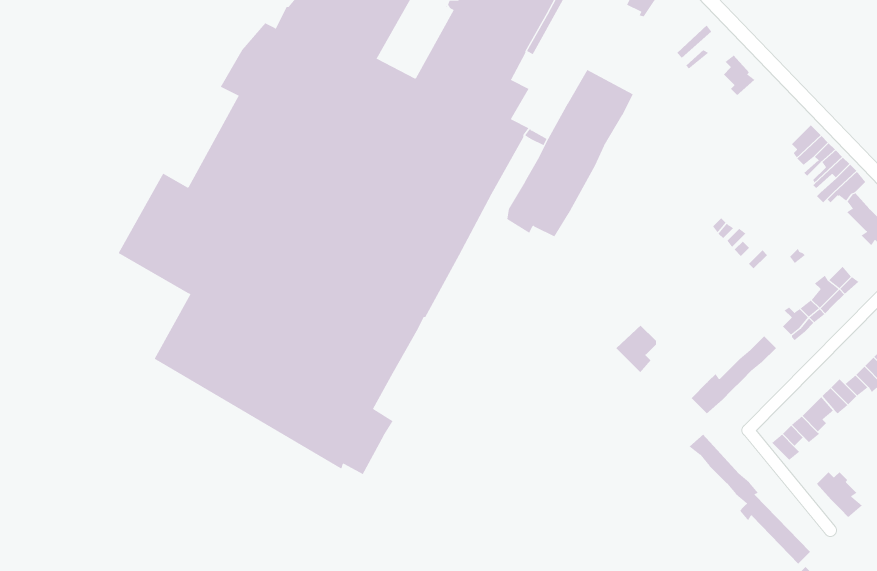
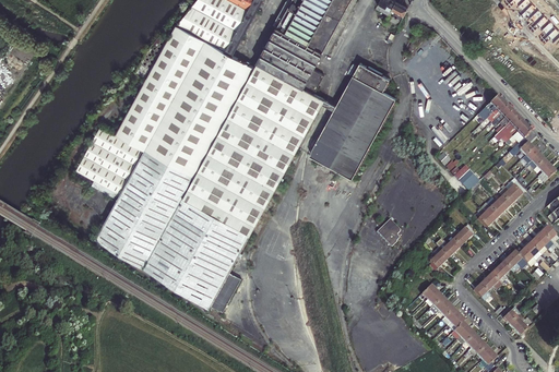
building: none -> [324,77,395,178]

